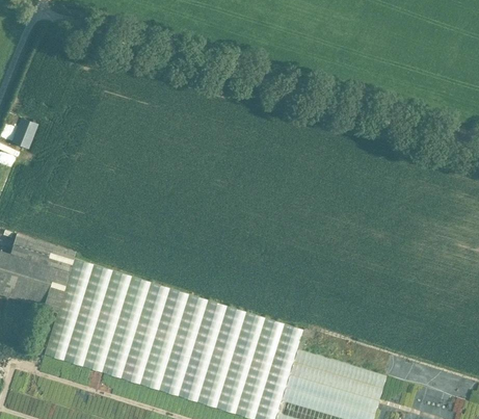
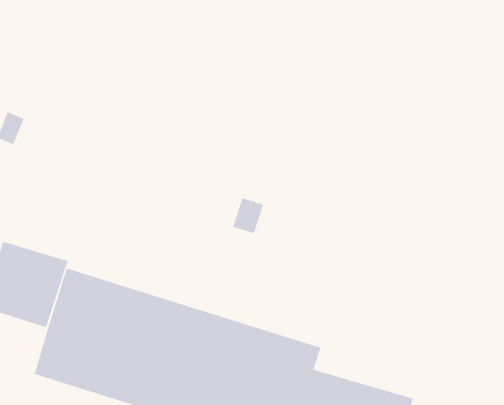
building: none -> [233,197,264,234]

